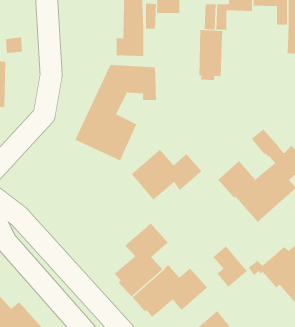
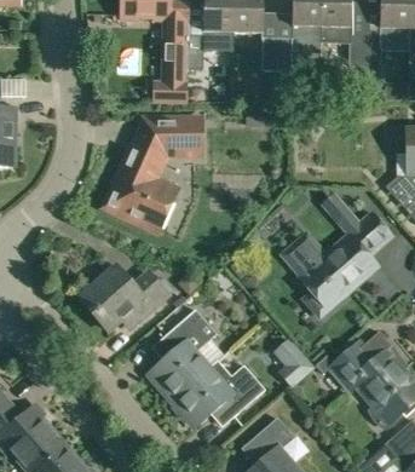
building: [199,29,223,81] -> none
building: [131,149,202,201] -> [80,265,168,329]

